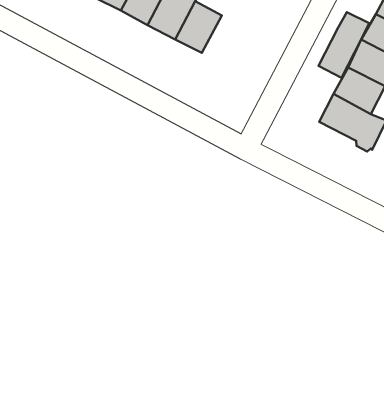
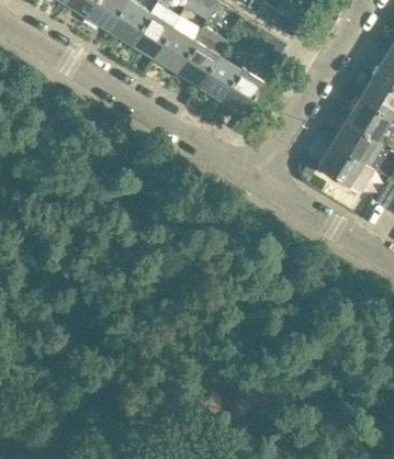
building: [318,12,369,78] -> none
building: none -> [221,68,263,113]

